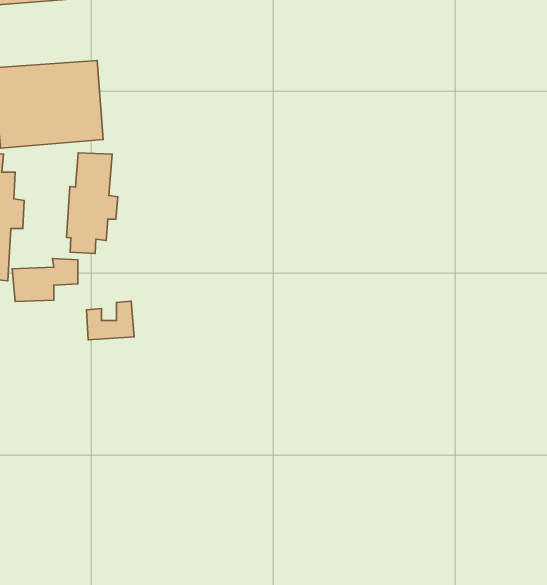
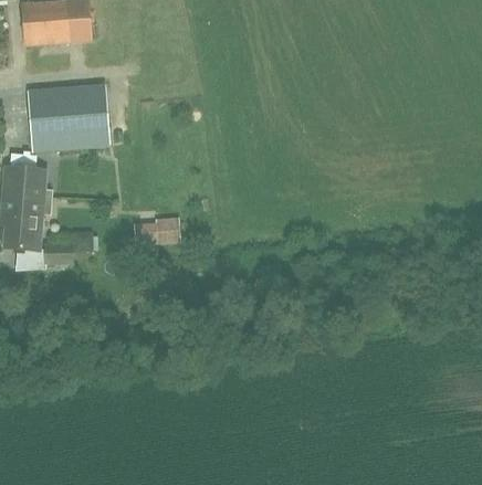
building: [66,153,118,253] -> none
building: [87,301,134,340] -> [145,218,180,246]

